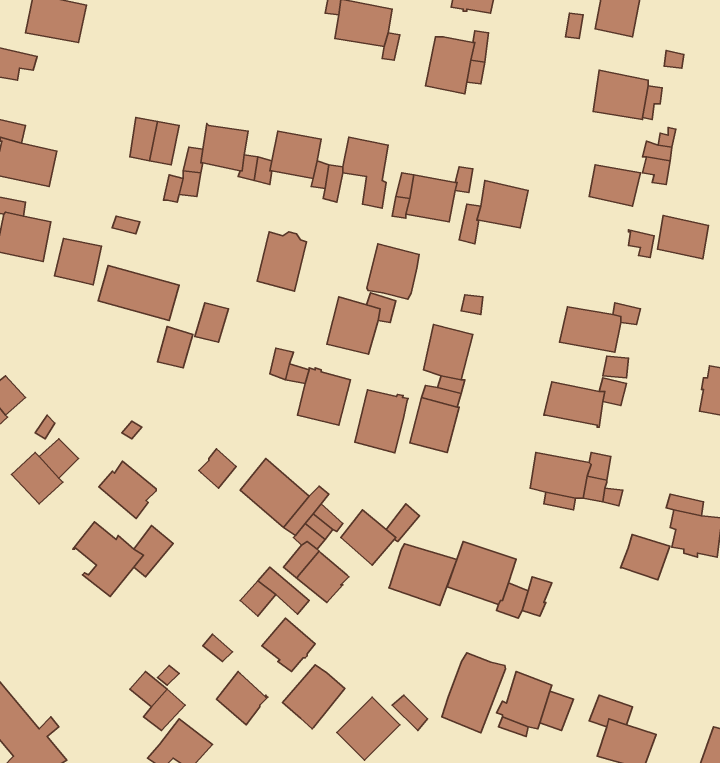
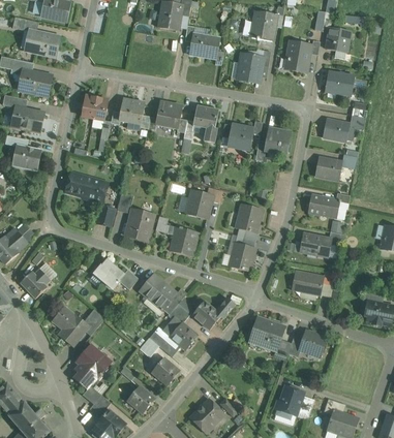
building: none -> [285,41,309,71]
building: none -> [20,69,51,96]
building: [657,215,709,259] -> [314,157,341,180]
building: [257,232,306,291] -> [126,210,152,241]
building: [54,239,101,285] -> none
building: [367,244,419,299] -> none
building: [355,390,408,453] -> none
building: [99,461,156,518] -> [93,259,123,289]
building: [620,534,670,580] -> [299,332,325,355]
building: [389,544,457,606] -> none
building: none -> [74,345,110,387]
building: [442,653,506,733] -> none
building: [283,665,345,729] -> none

